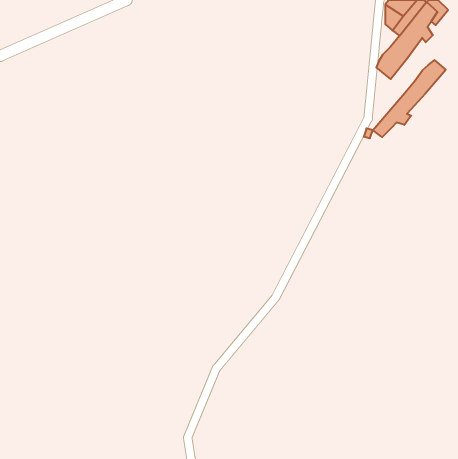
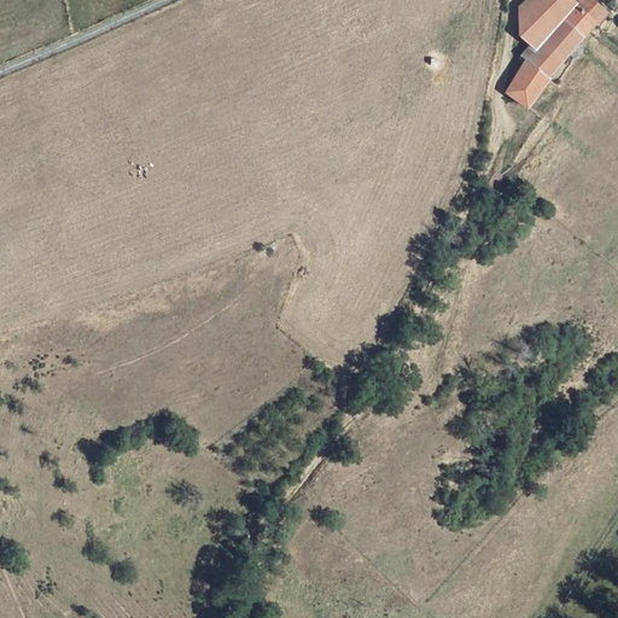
building: [373,60,446,137] -> none

